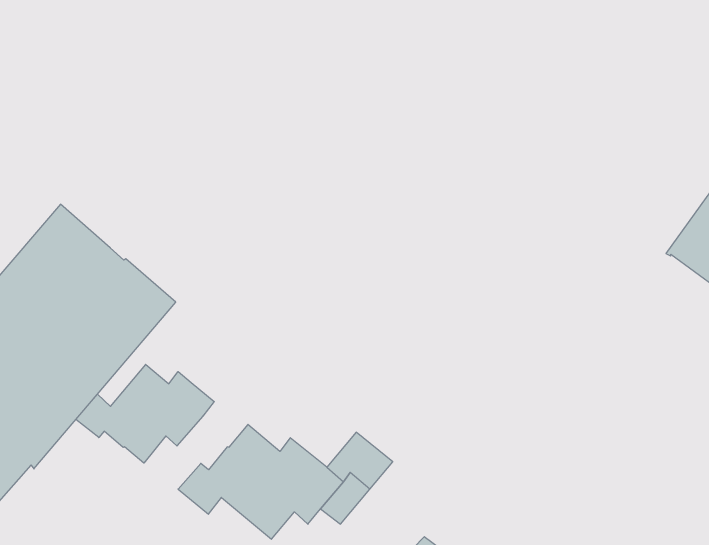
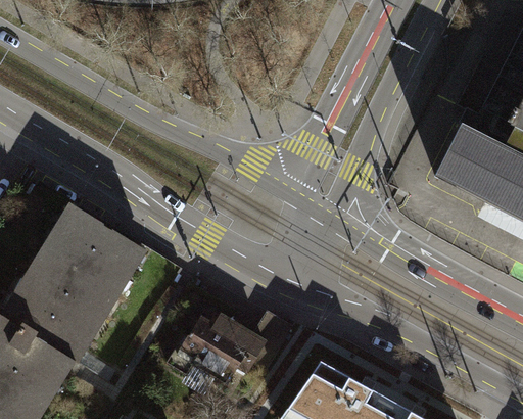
building: [76,364,214,463] -> none

